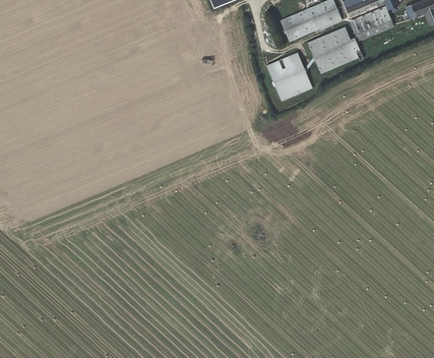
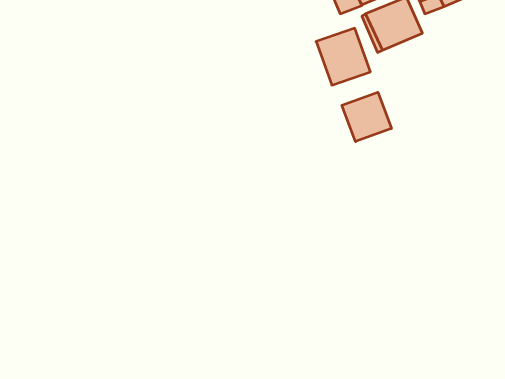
building: none -> [342,92,391,142]

